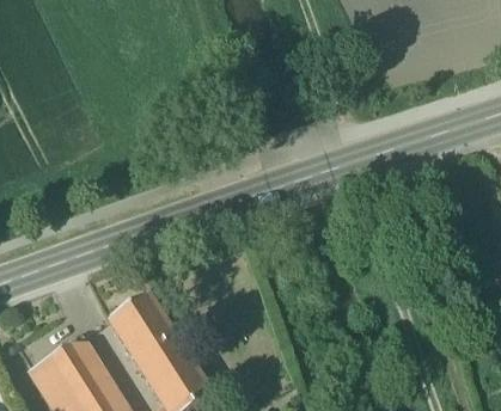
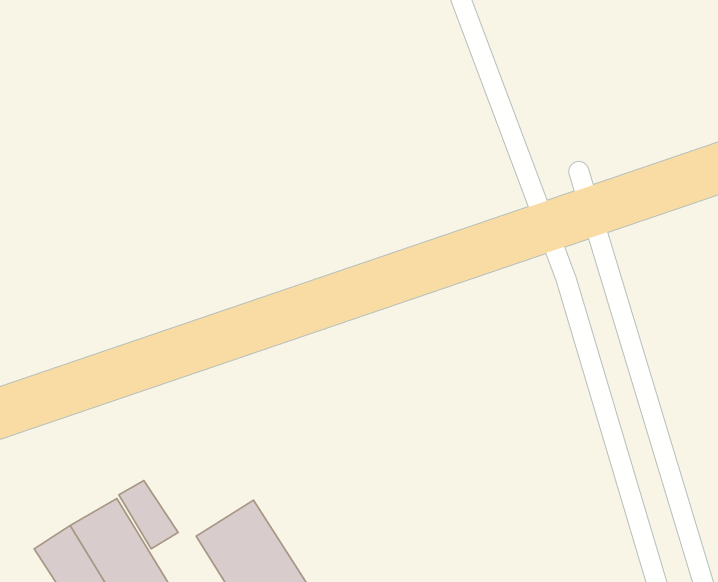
building: [111,296,176,363] -> none

